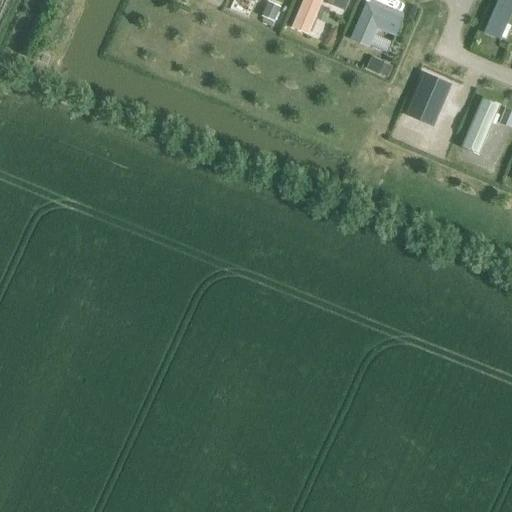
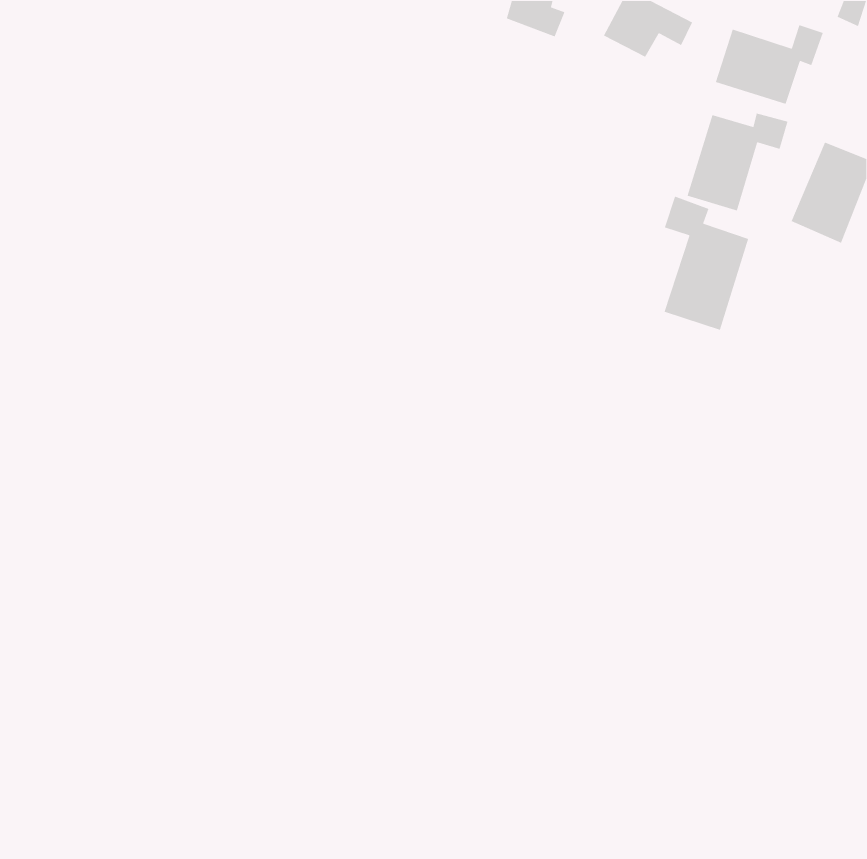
building: none -> [715,24,824,105]
building: none -> [664,196,749,331]

